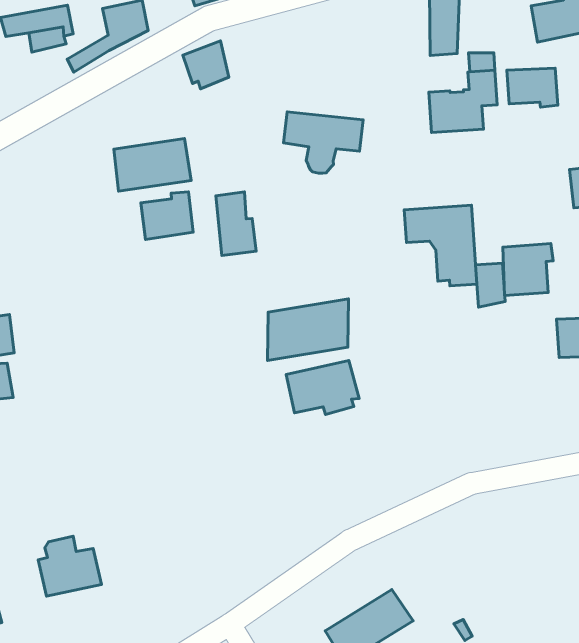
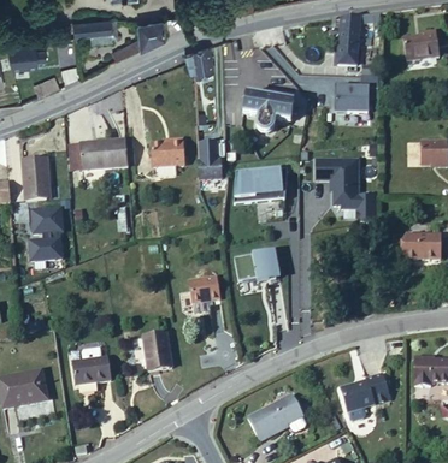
building: [507,68,558,107] -> none
building: [114,138,191,191] -> [81,138,128,168]
building: [503,244,553,295] -> none
building: [268,299,348,361] -> [234,168,287,203]
building: none -> [189,275,219,303]
building: none -> [143,332,172,370]
building: none -> [341,373,389,411]

